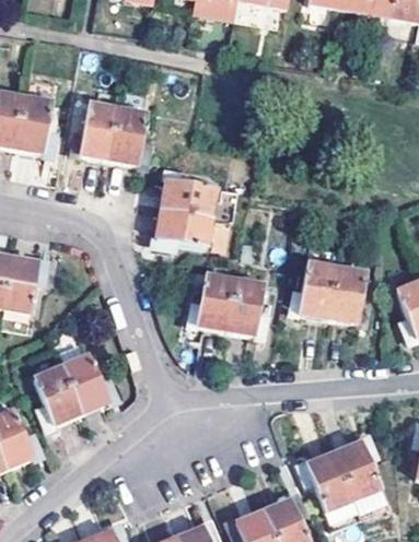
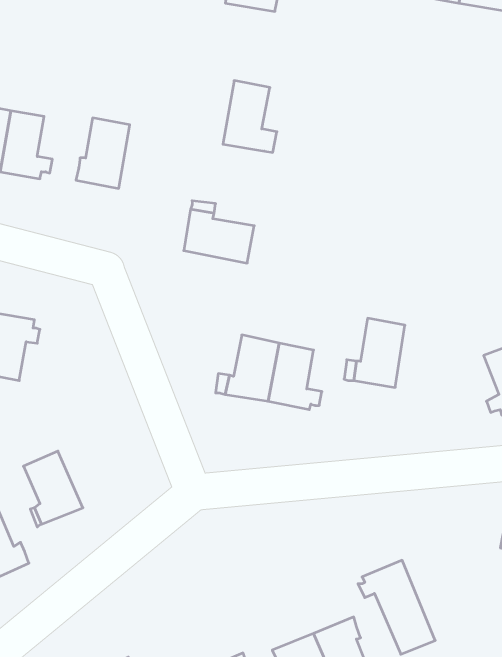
building: [108,108,151,165] -> [223,81,277,152]
building: [153,208,210,246] -> none
building: [327,267,364,321] -> none
building: [58,343,116,411] -> none
building: [333,440,384,516] -> none

